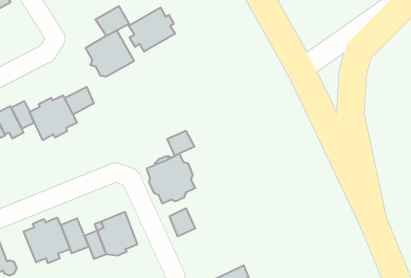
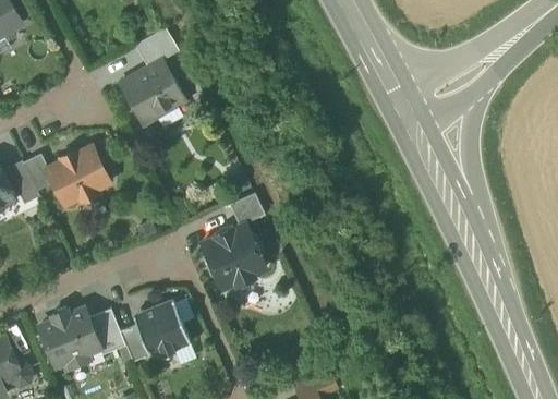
building: [129,8,175,52] -> none
building: [64,87,94,115] -> none
building: [170,208,195,236] -> none

